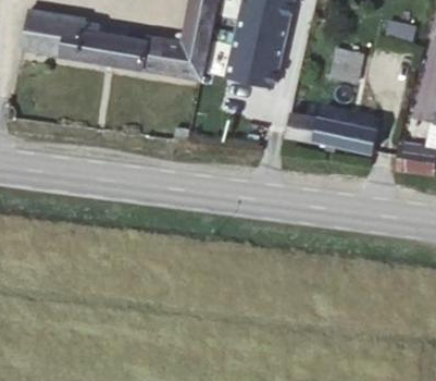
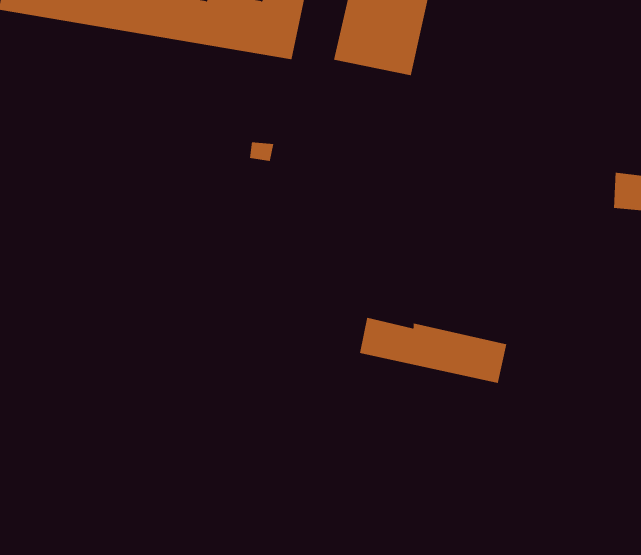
building: [329,46,365,84] -> none
building: [287,112,377,152] -> [359,317,507,383]

